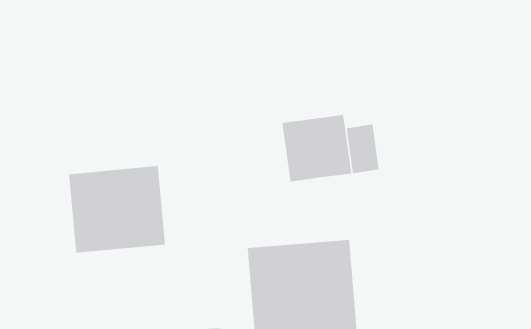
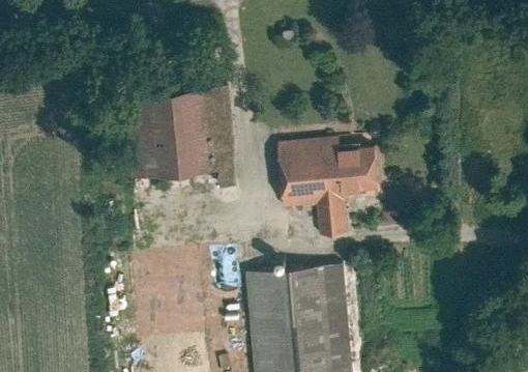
building: [68,165,166,254] -> [133,89,229,176]
building: none -> [315,198,352,236]

